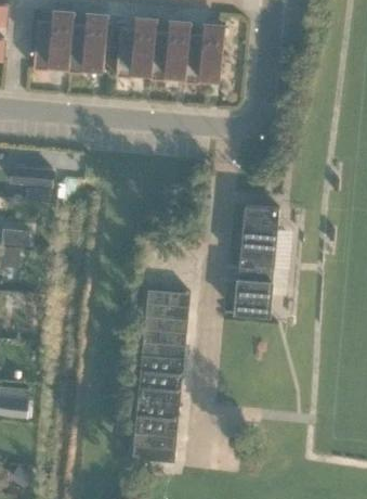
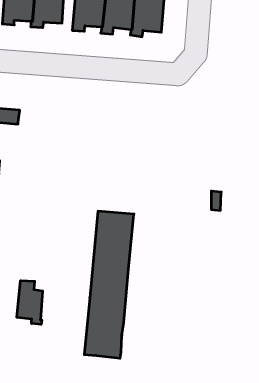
building: [235,208,280,318] -> none
building: none -> [17,281,43,324]

